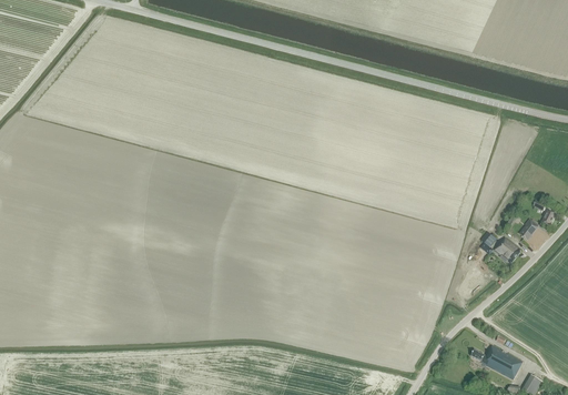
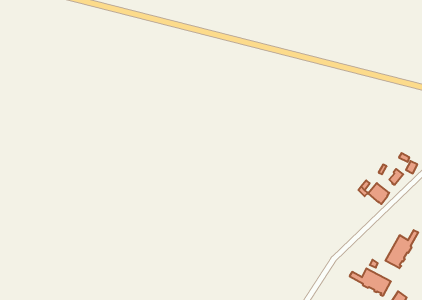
building: none -> [385,230,418,268]

